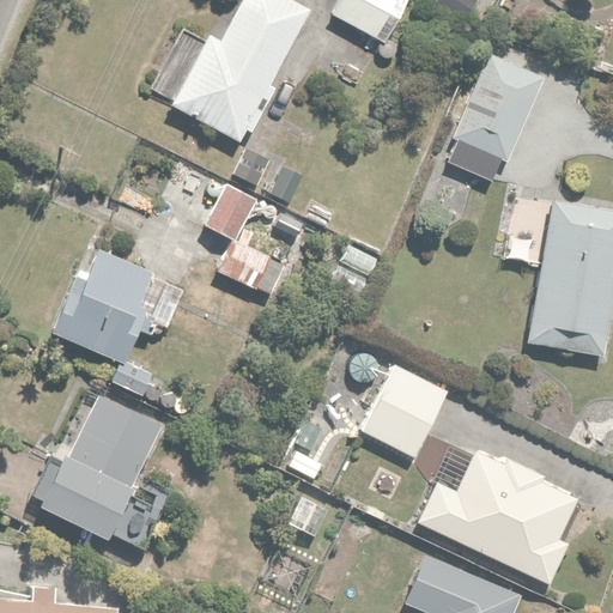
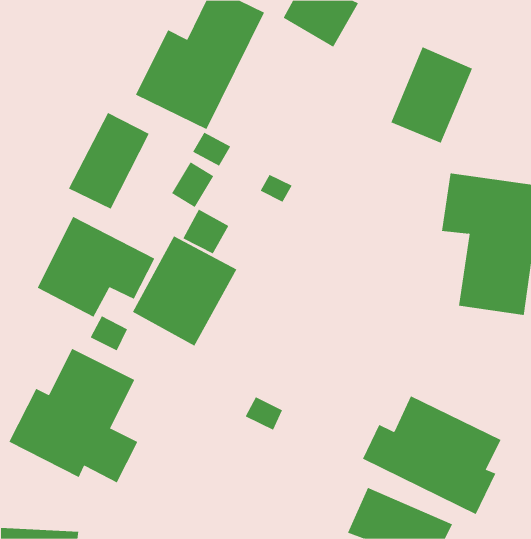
building: none -> [68,112,149,210]
building: none -> [132,236,237,347]
building: [360,364,450,460] -> none

